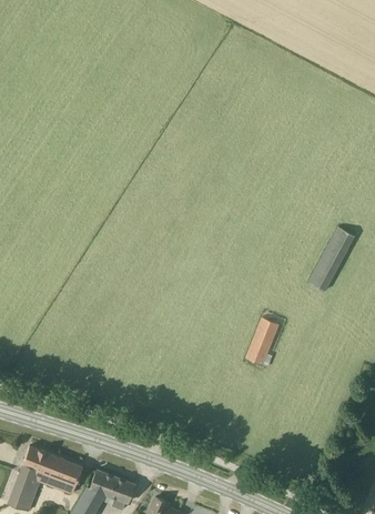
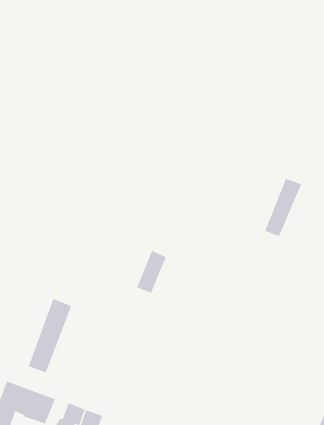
building: [246,319,280,366] -> [136,250,167,294]
building: none -> [28,298,72,374]

